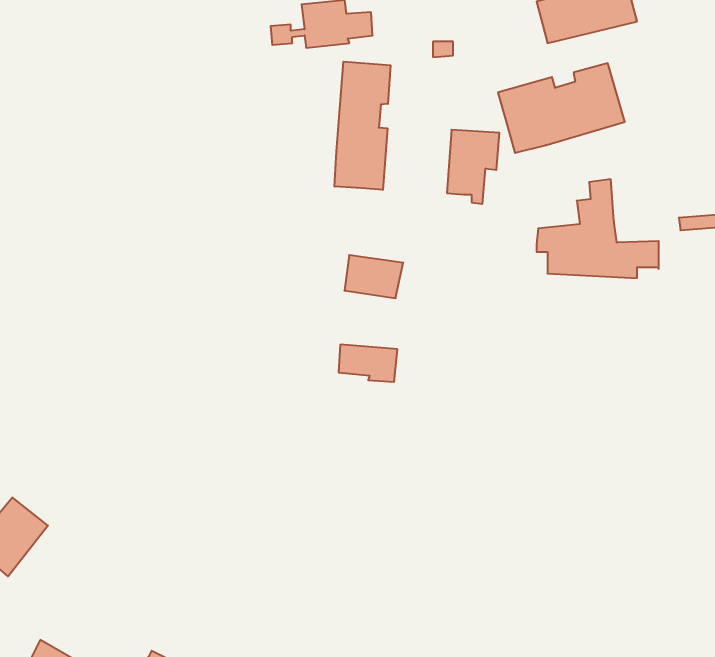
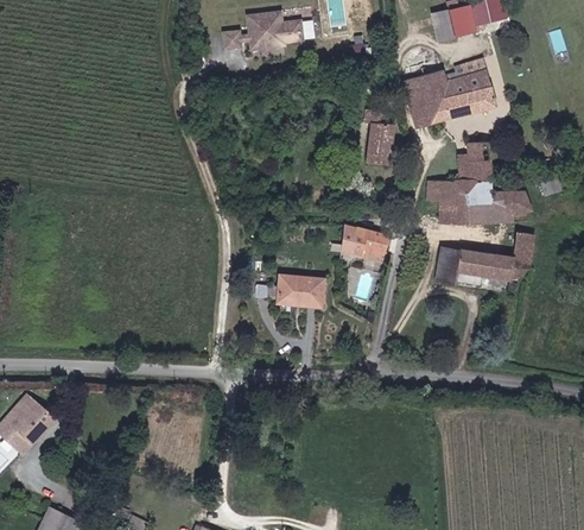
building: [335,62,390,190] -> none
building: [344,255,403,298] -> [342,226,387,259]
building: none -> [437,234,529,283]

